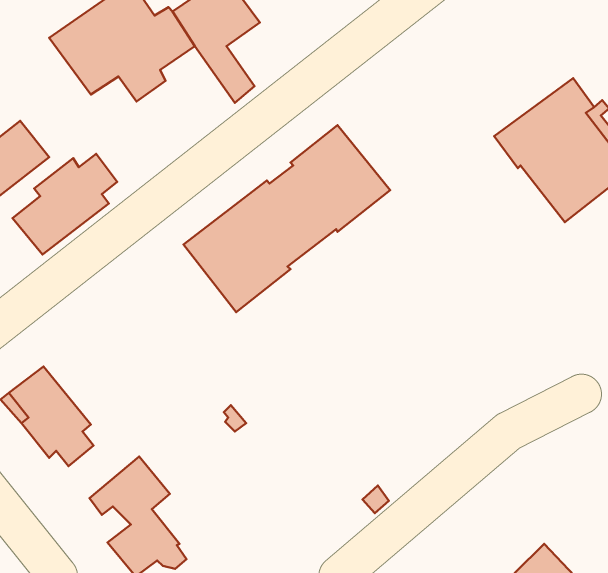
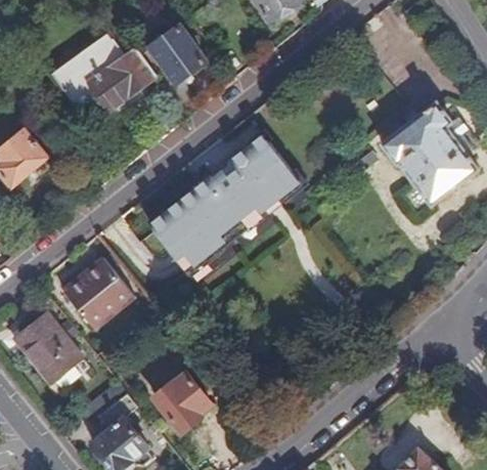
building: [12,154,117,255] -> none
building: none -> [61,256,134,329]
building: none -> [153,374,211,430]

